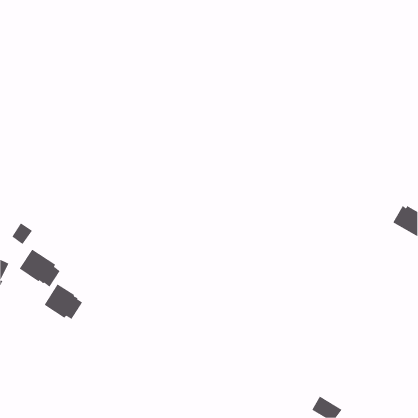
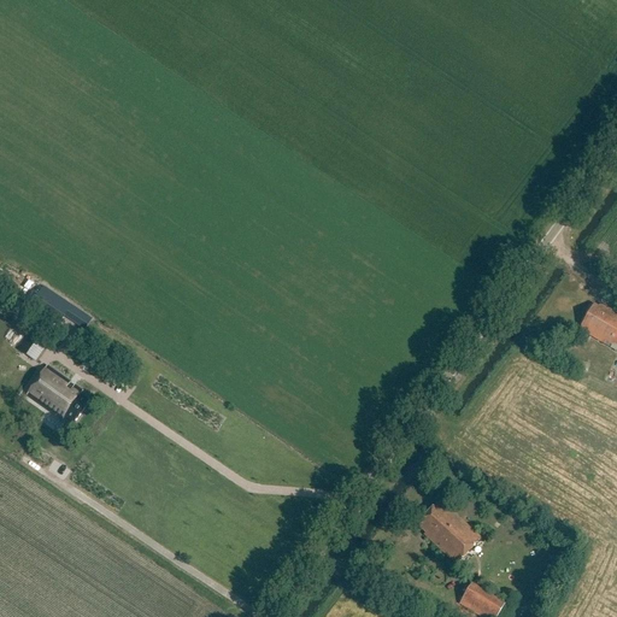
building: [44,284,83,320] -> none
building: none -> [415,500,478,563]

